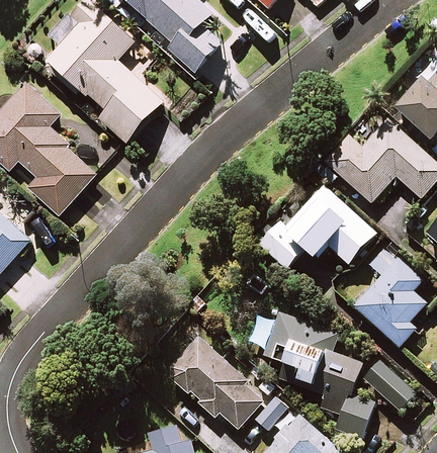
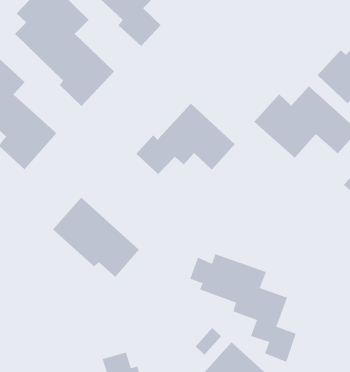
building: [259,185,374,268] -> [135,103,235,175]
building: [353,247,426,346] -> none
building: [165,336,266,429] -> [52,197,140,278]
building: [363,360,415,409] -> none

